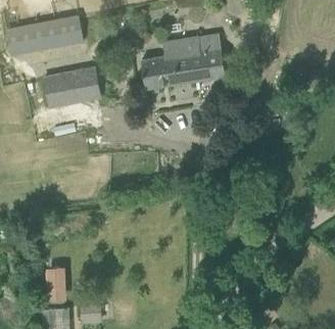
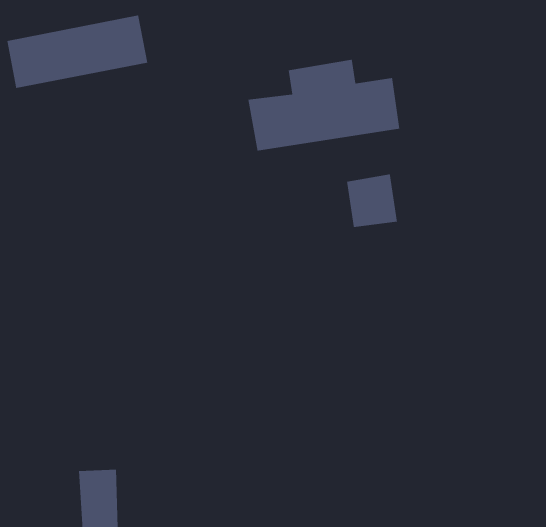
building: [43,66,102,109] -> none
building: none -> [346,173,398,228]

